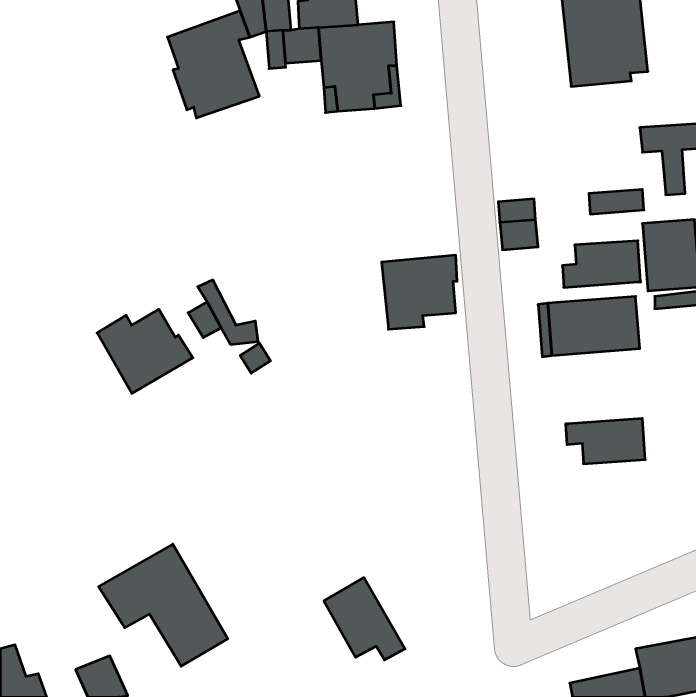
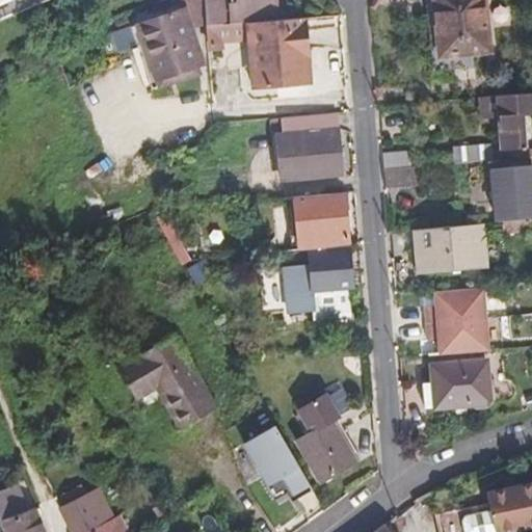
building: none -> [268,114,342,180]
building: [562,241,641,287] -> [433,286,493,321]
building: [97,309,193,393] -> none
building: none -> [285,248,352,318]
building: none -> [431,361,489,406]
building: none -> [298,396,352,481]
building: [99,544,228,666] -> [126,334,223,426]

